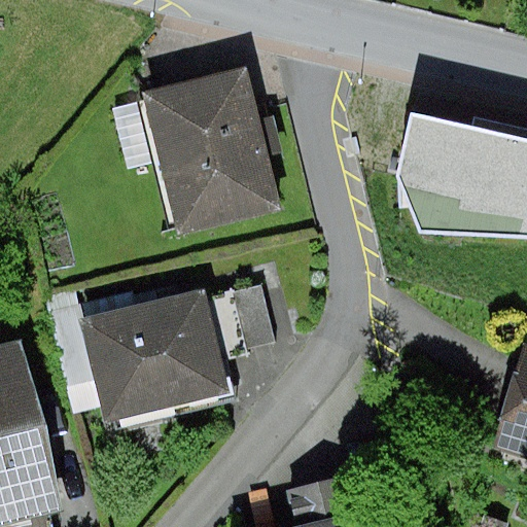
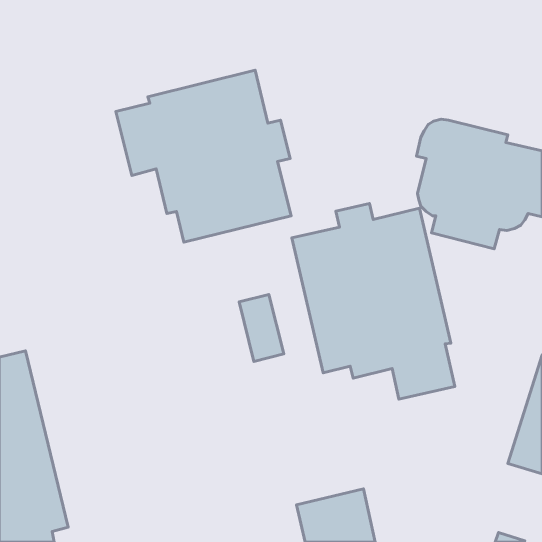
building: none -> [292,204,455,399]
building: [46,287,232,425] -> none

